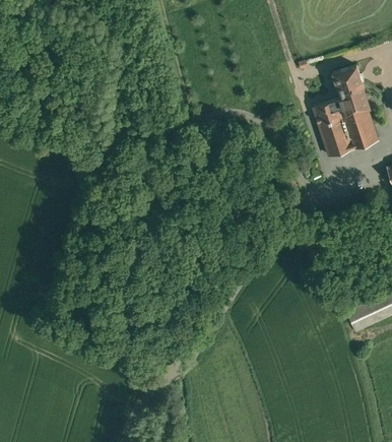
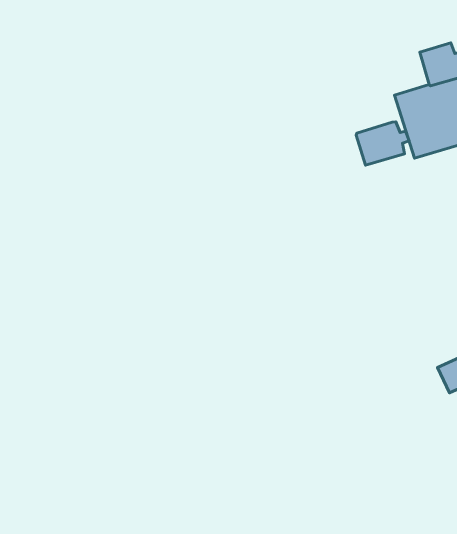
building: none -> [356,122,409,165]

